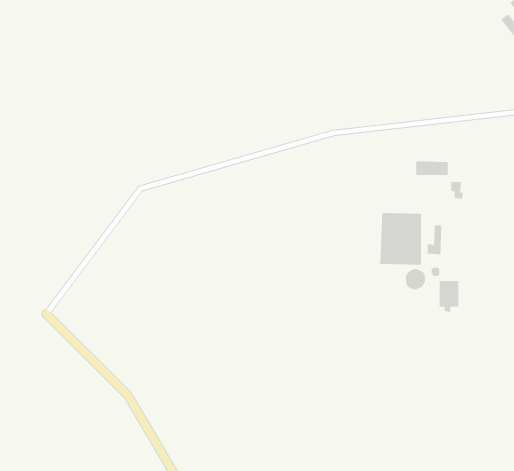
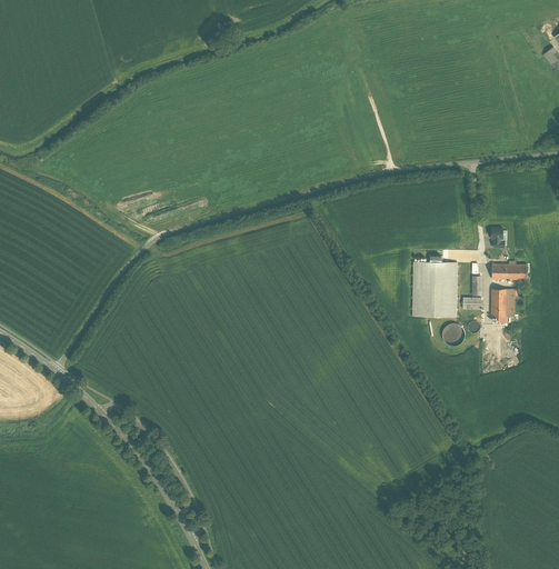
building: [415,161,448,175] -> [491,263,527,279]
building: [439,280,459,312] -> [491,288,513,322]

